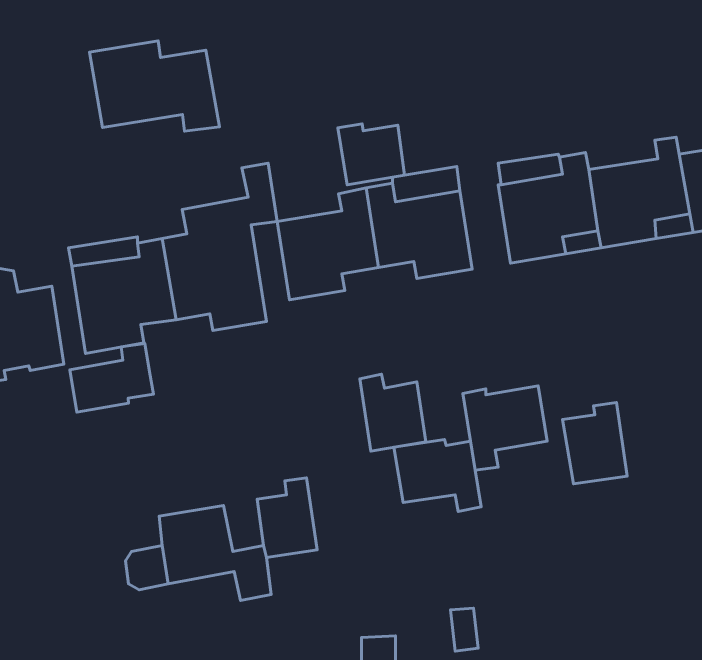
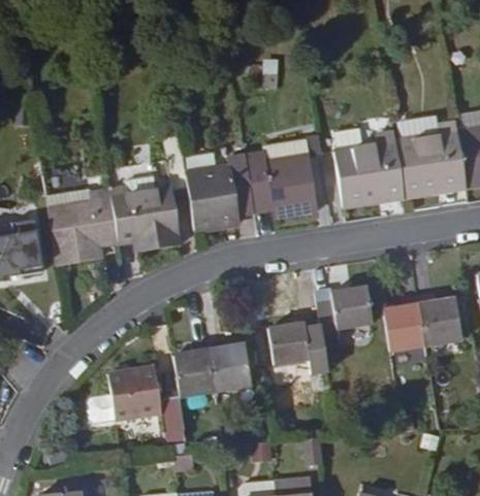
building: [90,41,219,131] -> none
building: [338,124,405,185] -> none
building: [70,344,153,412] -> none
building: [360,374,426,451] -> [209,345,253,397]
building: none -> [417,296,458,348]

